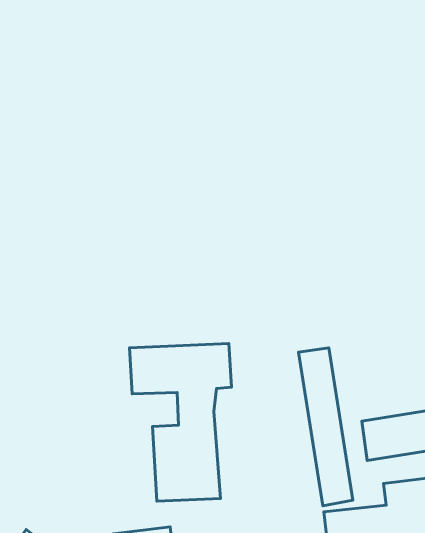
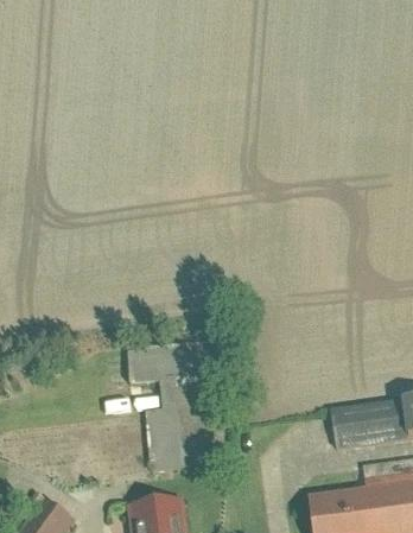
building: [298,348,353,506] -> none

